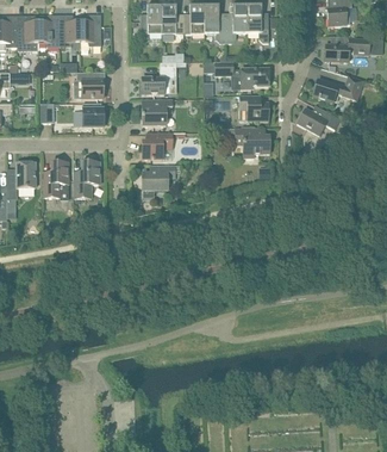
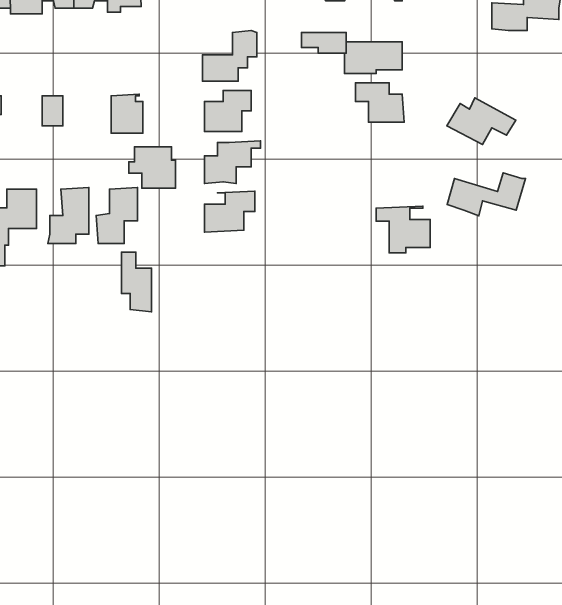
building: [73,72,102,98] -> [129,147,175,188]
building: [312,75,362,103] -> [447,173,525,216]
building: [235,126,269,156] -> [376,206,430,253]
building: none -> [122,252,151,312]

